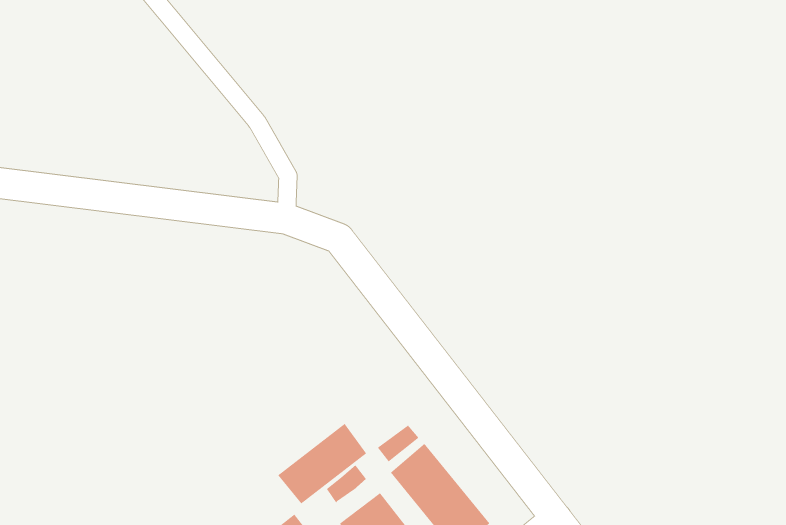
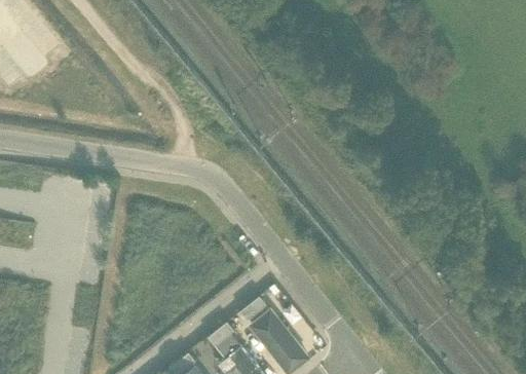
building: [277,423,367,505] -> none

